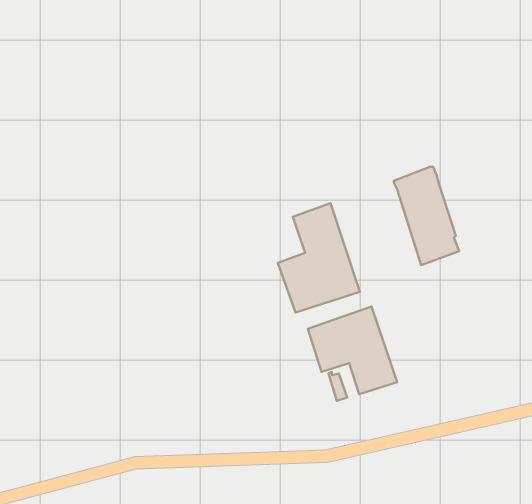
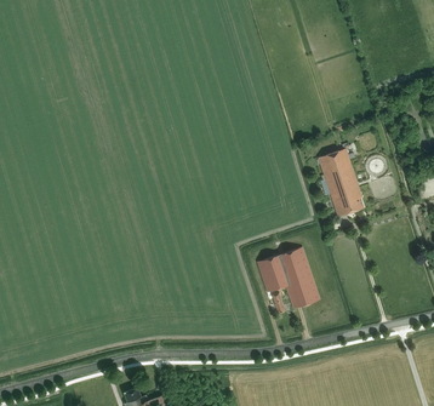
building: [278,203,360,313] -> none

